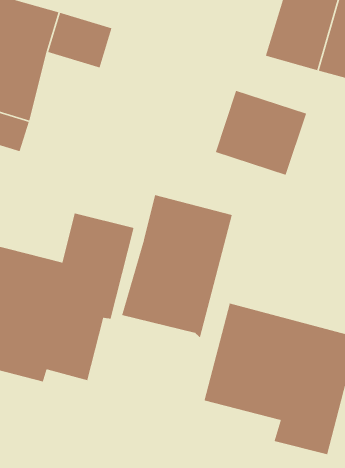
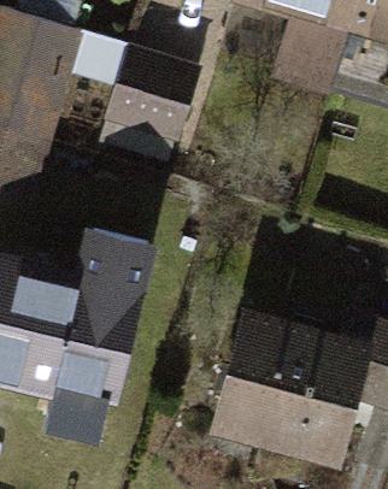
building: [215,90,307,176] -> [108,54,199,139]
building: [121,194,233,339] -> none

